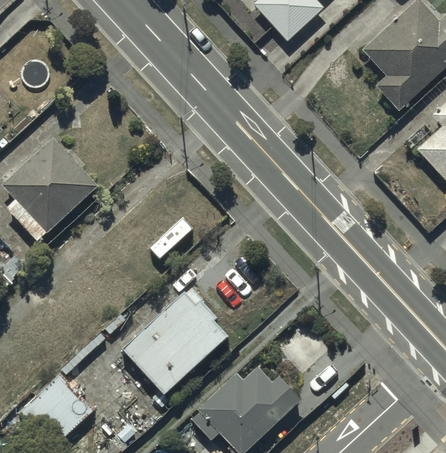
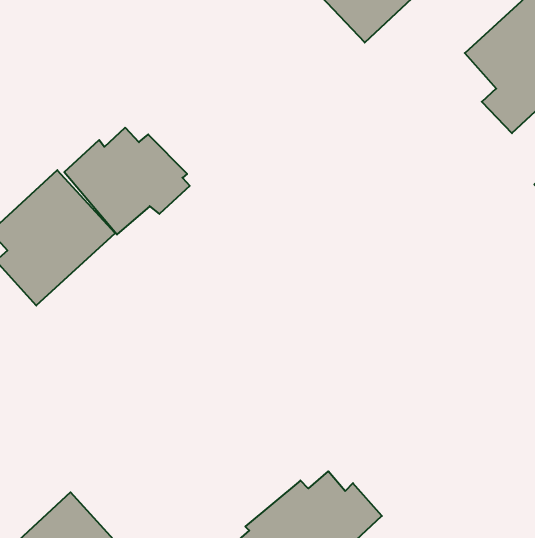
building: none -> [64,128,190,235]
building: [122,292,227,393] -> none

